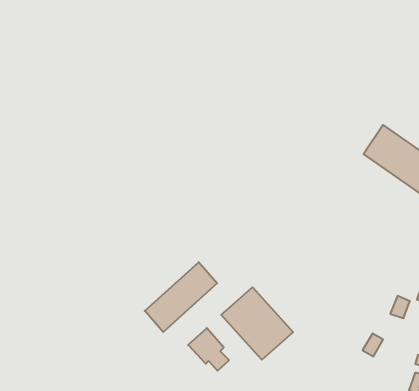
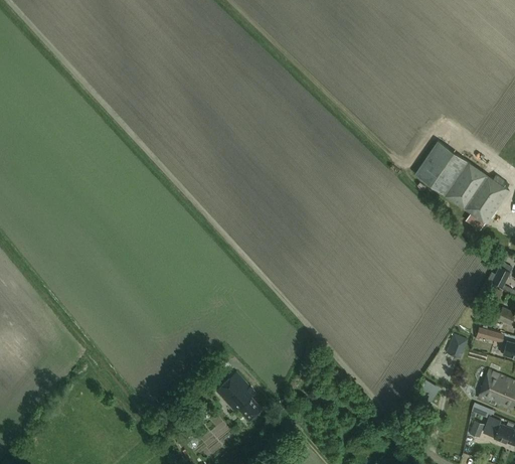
building: [145,262,217,332] -> none
building: [221,287,293,360] -> none

